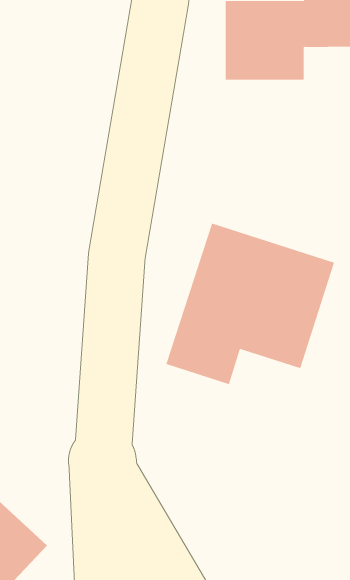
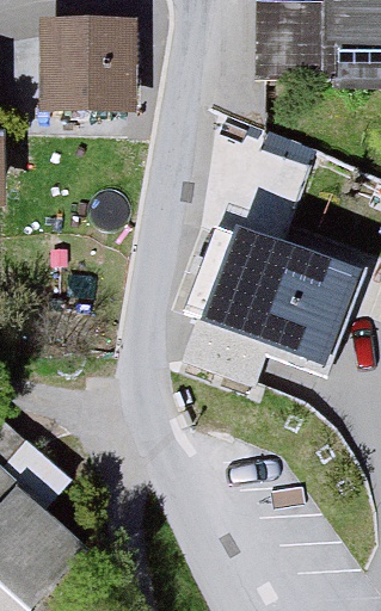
building: none -> [47,19,134,104]

